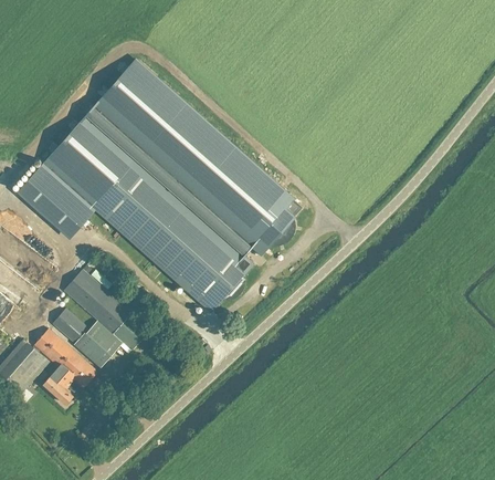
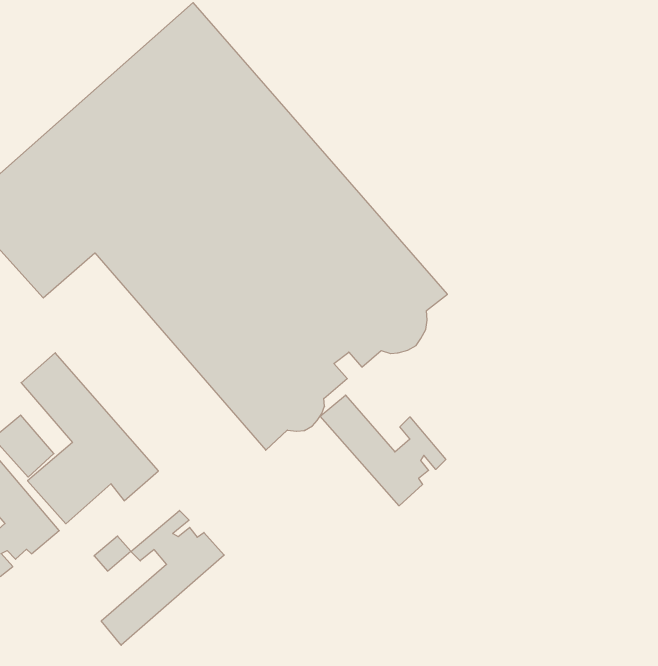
building: none -> [320,395,446,506]
building: none -> [101,510,224,645]

